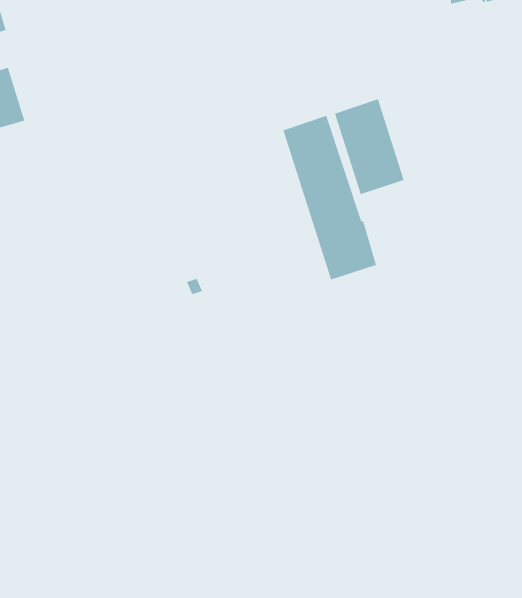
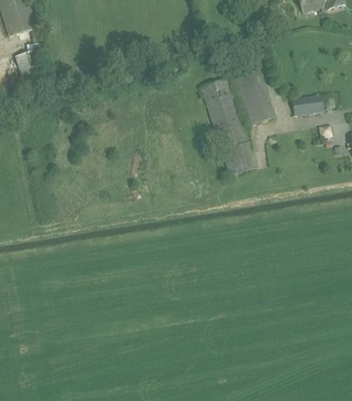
building: none -> [290,93,322,115]

